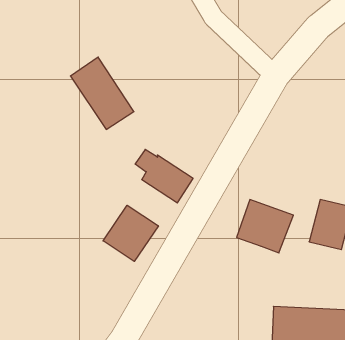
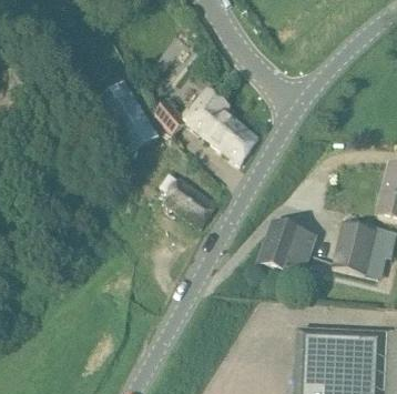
building: none -> [156,85,258,161]
building: [103,205,158,261] -> none

